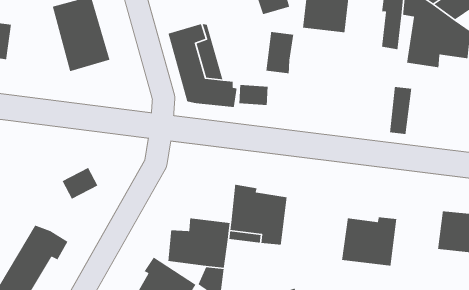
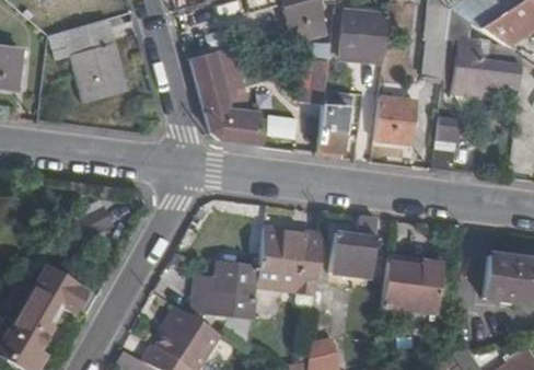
building: none -> [316,90,348,157]
building: none -> [374,97,414,142]
building: none -> [329,216,375,277]

